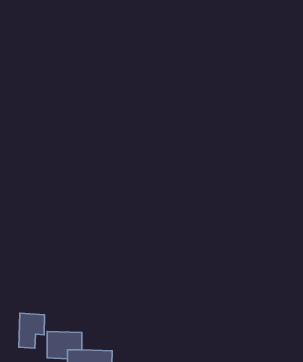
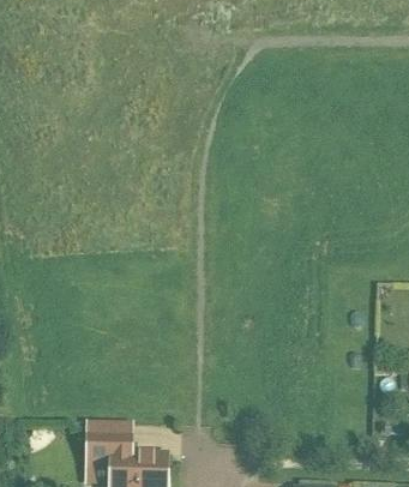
building: [19,313,44,348] -> none

